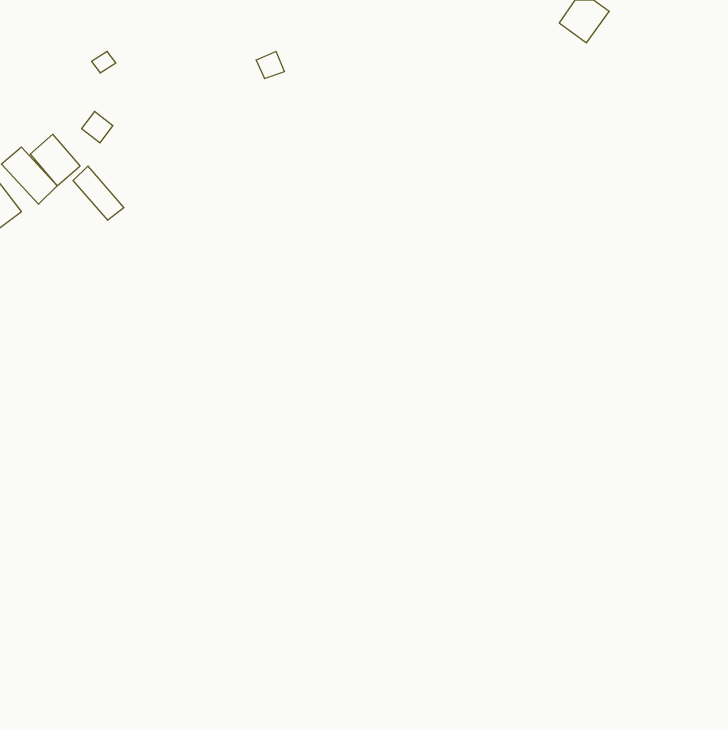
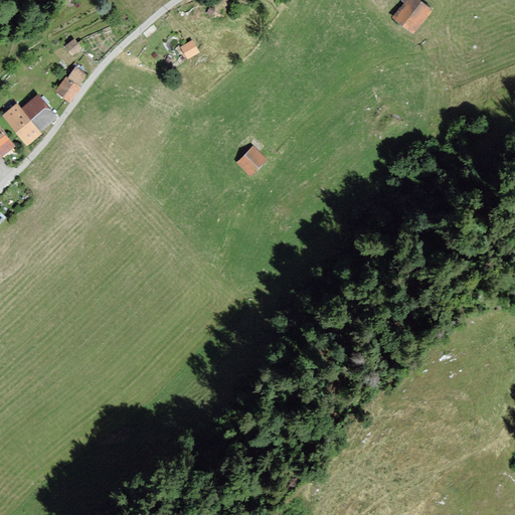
building: [73,166,124,220] -> none
building: none -> [237,147,267,176]

